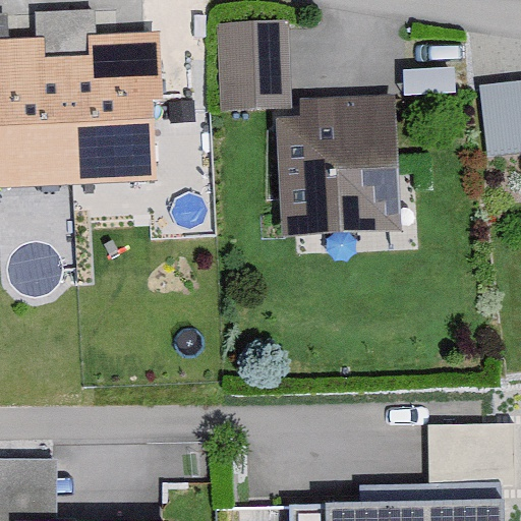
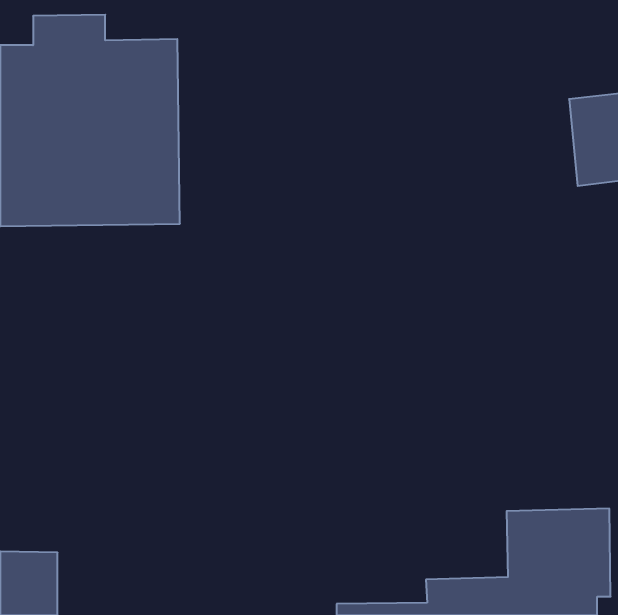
building: [215,19,288,110] -> none
building: [277,95,397,234] -> none

